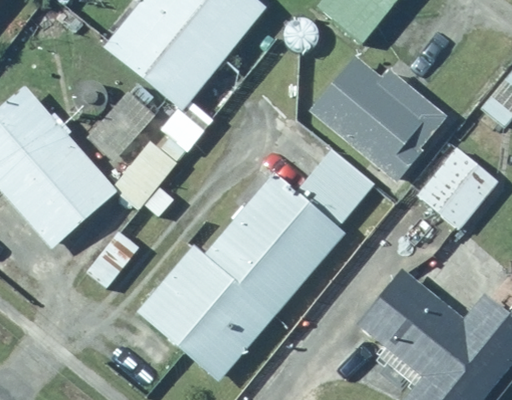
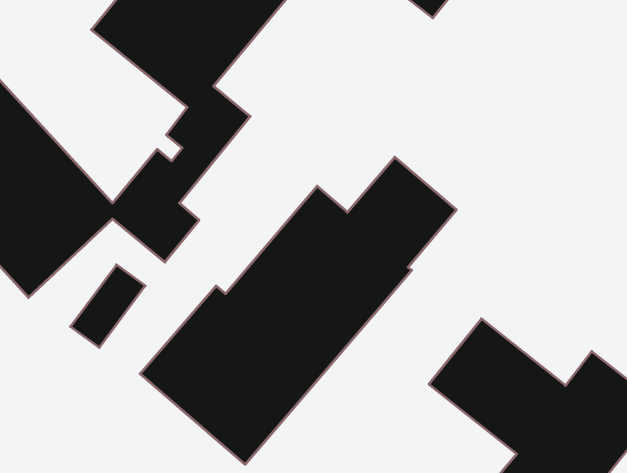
building: [306,57,450,182] -> none
building: [413,146,498,233] -> none

